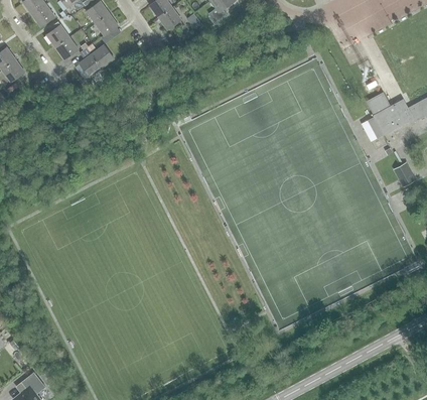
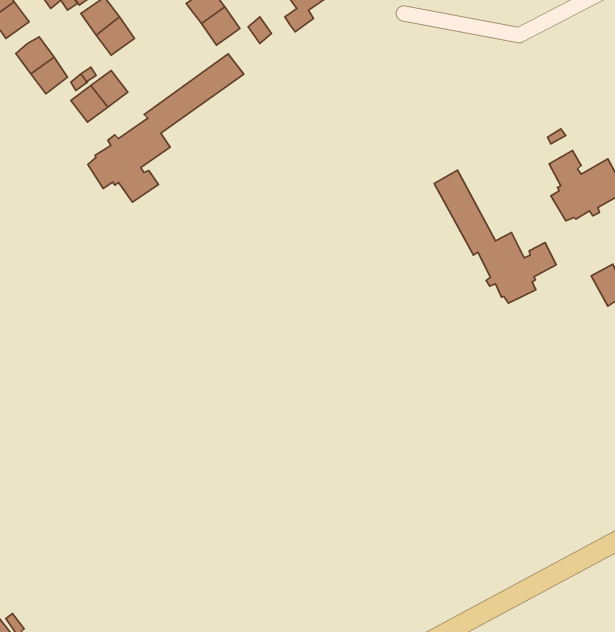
building: none -> [88,54,244,202]
building: none -> [434,170,556,303]

